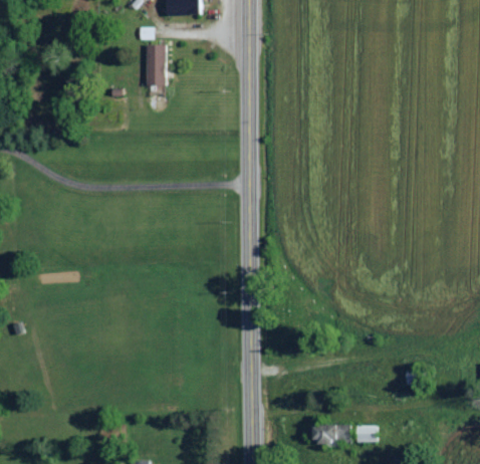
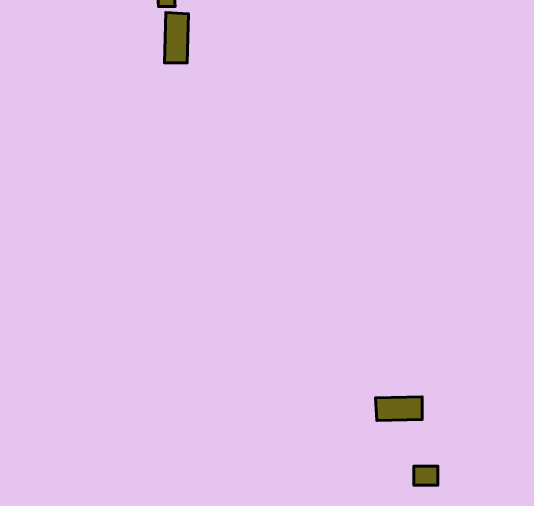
building: [309,425,348,445] -> [376,397,422,421]

